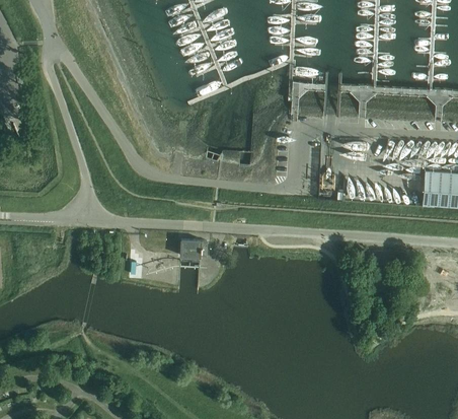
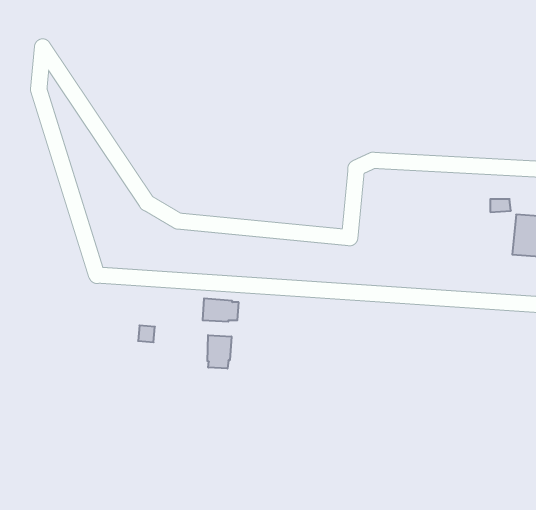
building: none -> [208,335,231,369]

